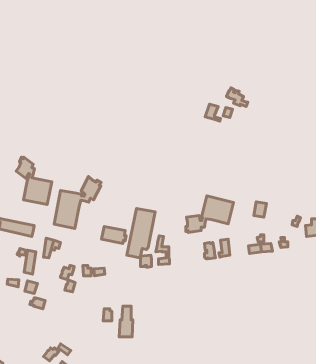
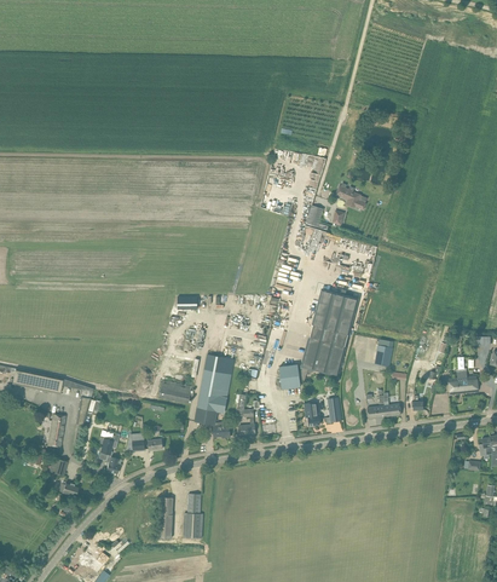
building: [16,157,52,204] -> none
building: none -> [307,287,358,345]
building: [54,177,101,228] -> none

